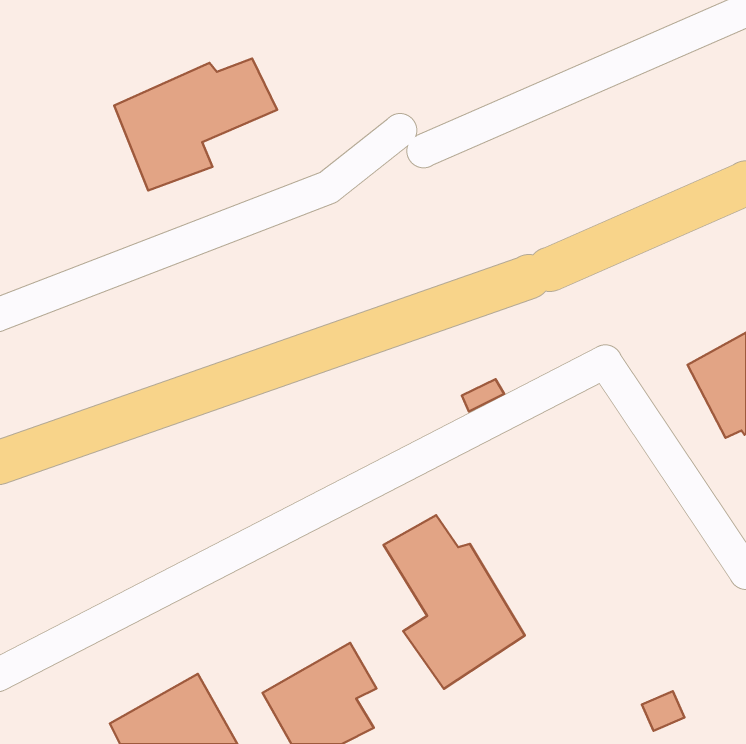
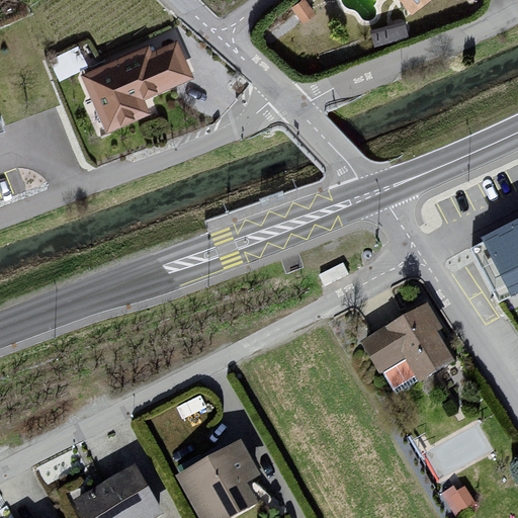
building: none -> [365,304,455,381]
building: [383,515,525,689] -> none

